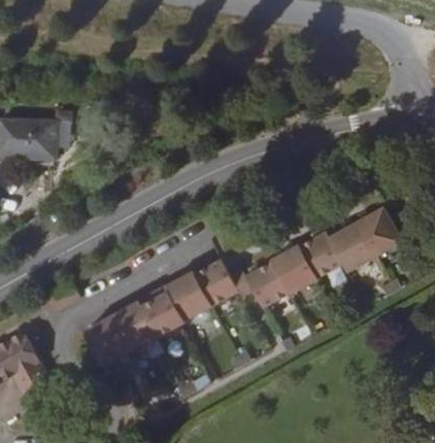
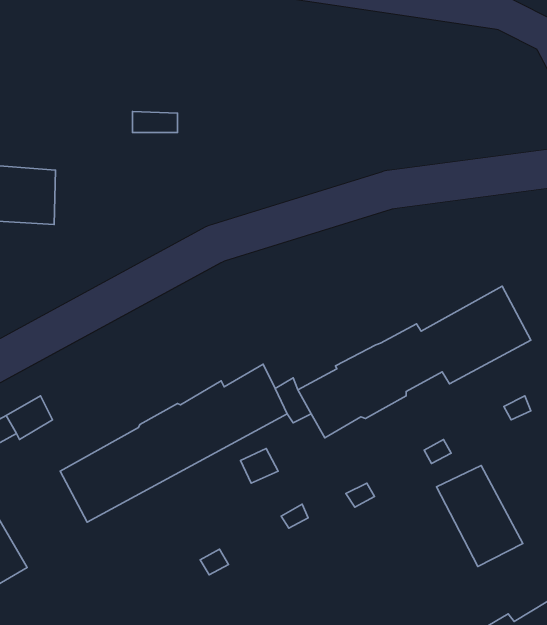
building: none -> [436,466,523,567]

